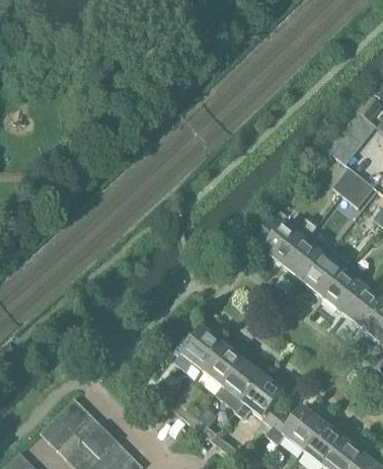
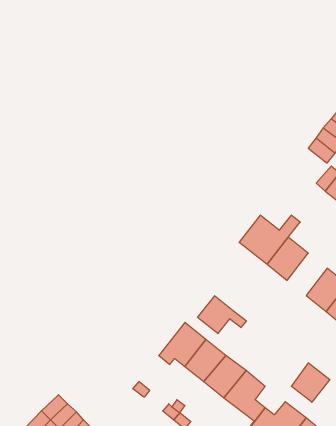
building: [305,256,346,299] -> none
building: none -> [198,296,246,334]
building: none -> [291,363,330,402]

